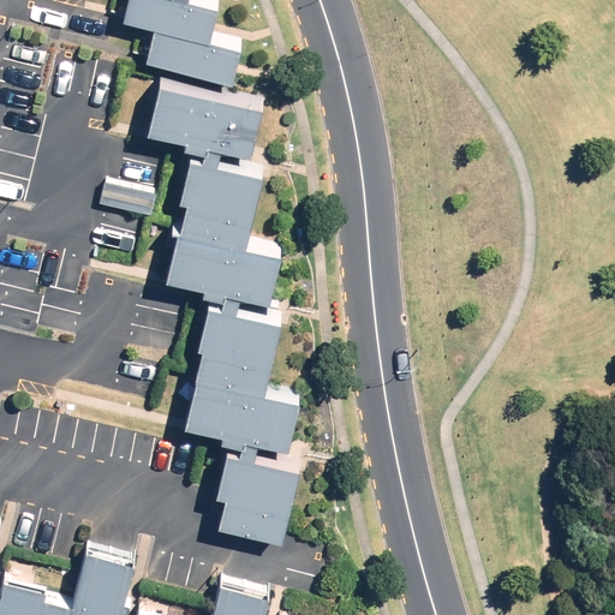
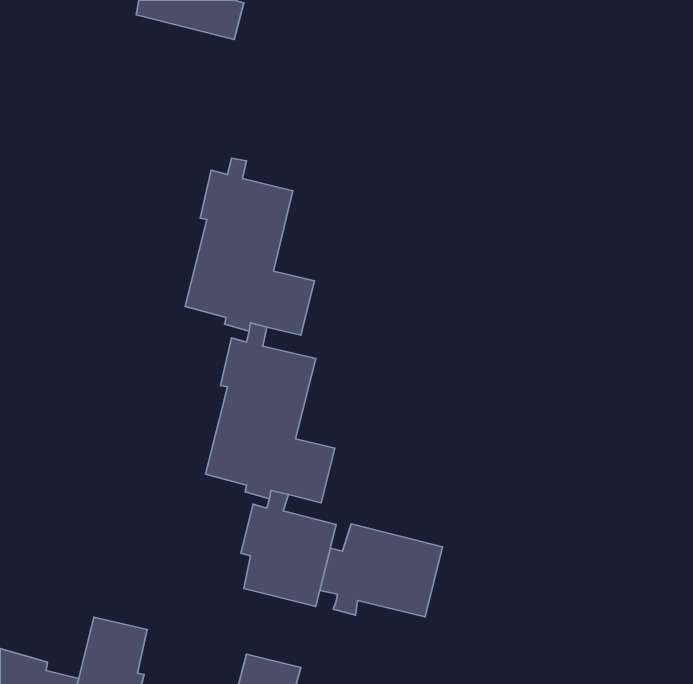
building: [147,32,240,88] -> none
building: [147,88,262,160] -> none
building: none -> [320,524,443,617]

